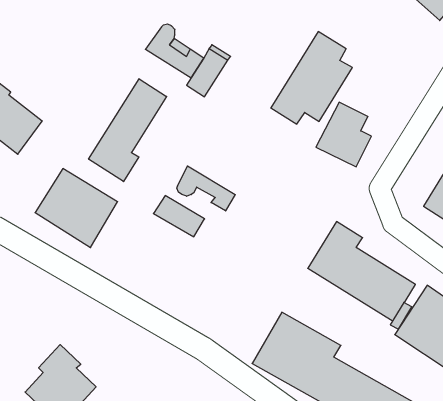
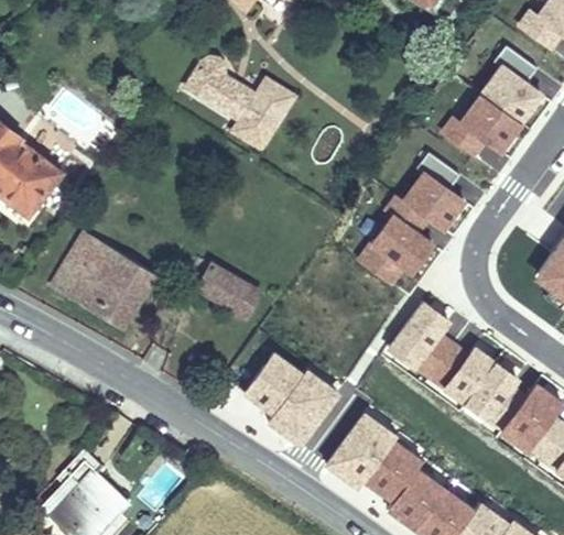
building: [271,32,352,124] -> [445,45,545,159]
building: [89,79,167,182] -> none
building: none -> [358,211,435,292]
building: [177,166,235,211] -> none
building: none -> [240,345,340,446]

